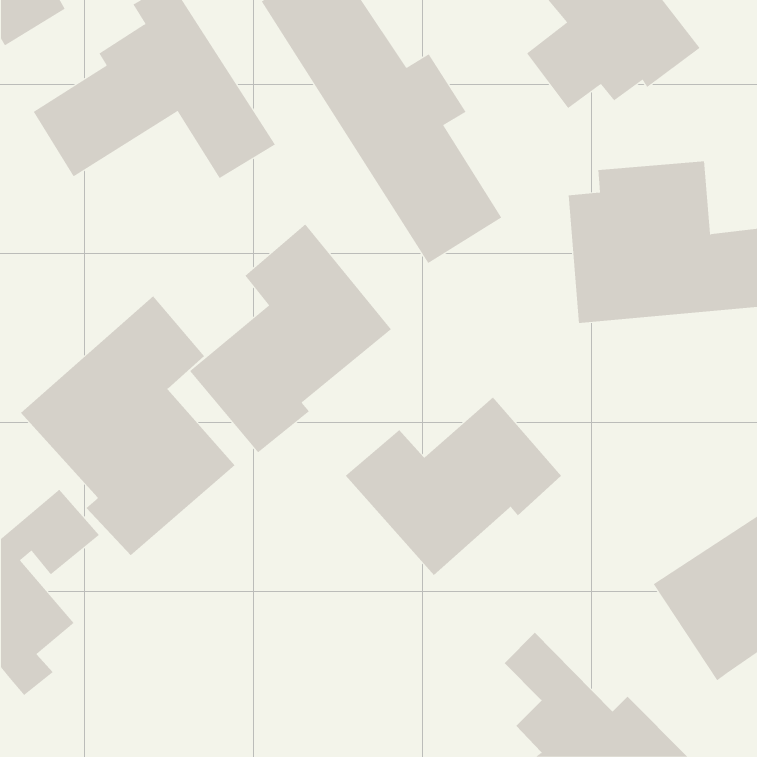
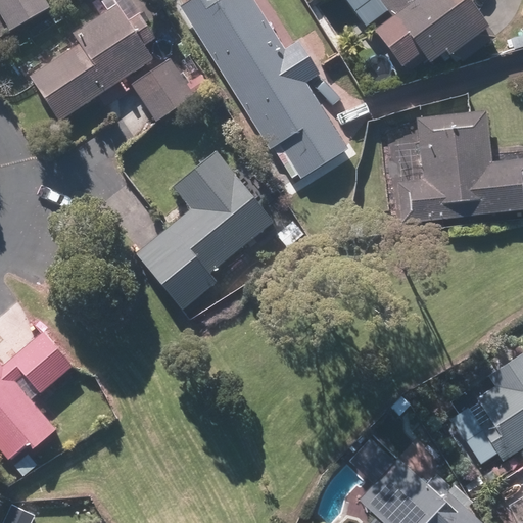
building: [20,295,236,556] -> none
building: [345,397,562,576] -> none

